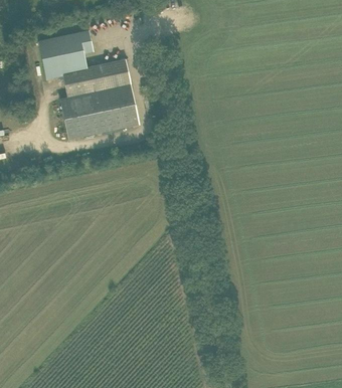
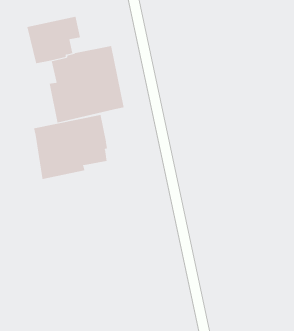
building: none -> [34,114,107,180]

